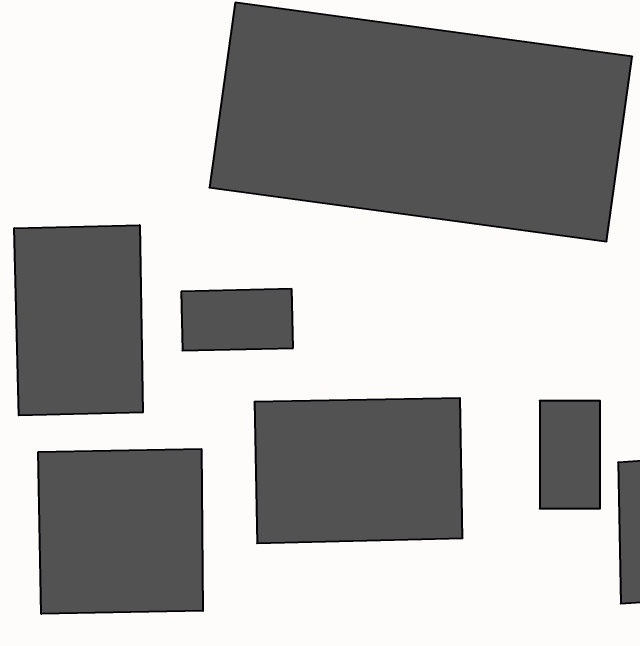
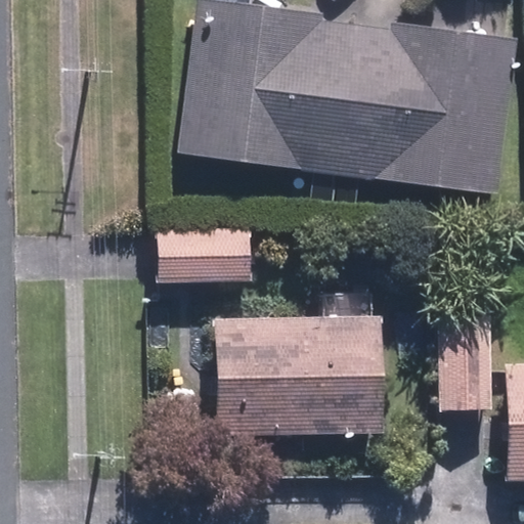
building: [14,225,143,415] -> none
building: [38,449,203,614] -> none

